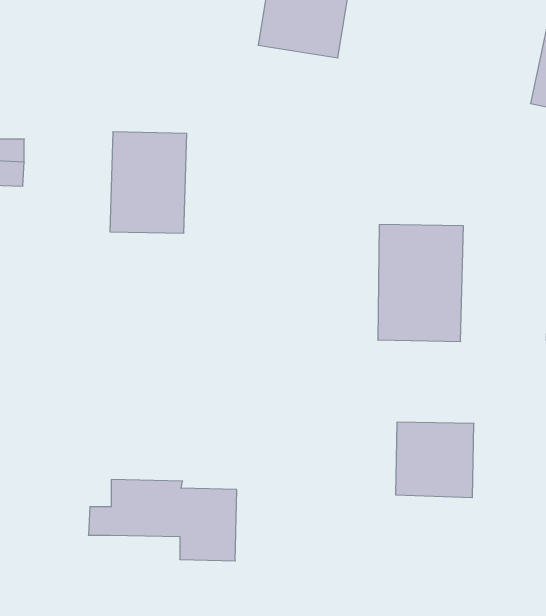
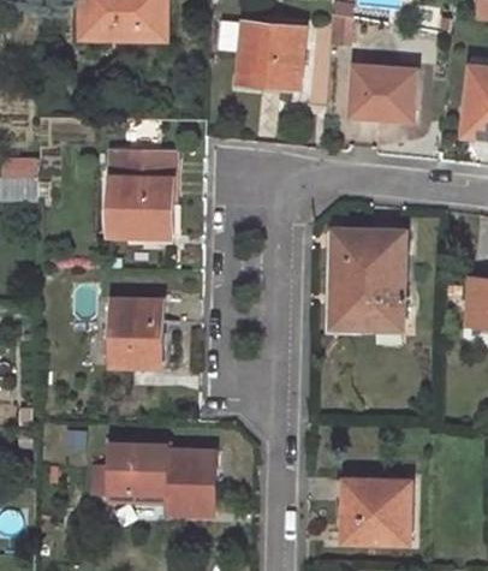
building: none -> [349,69,411,124]
building: none -> [89,299,160,368]
building: [396,422,474,498] -> [344,481,410,545]

